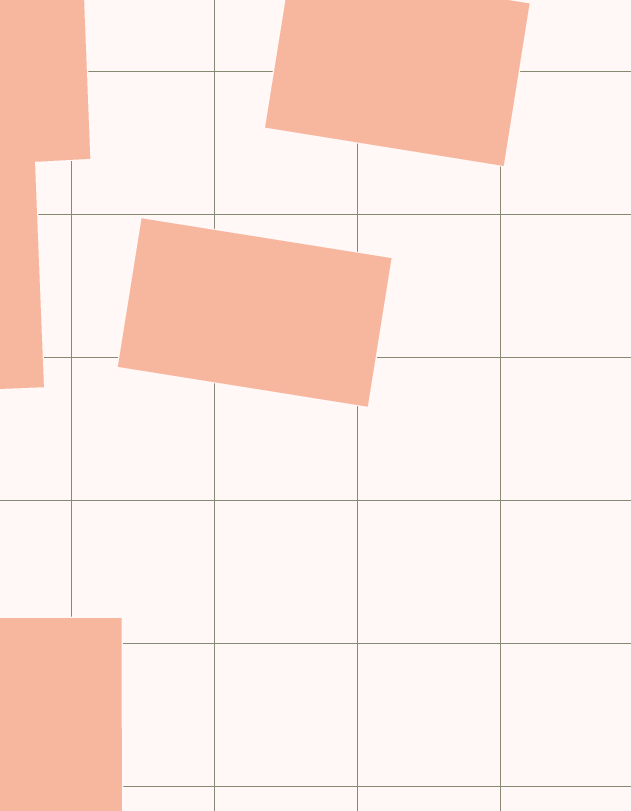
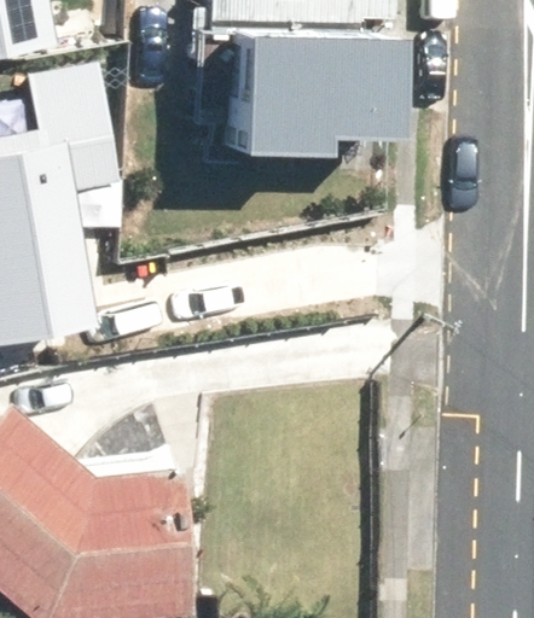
building: [117,217,392,408] -> none

